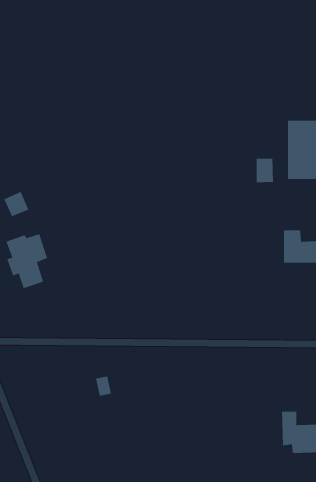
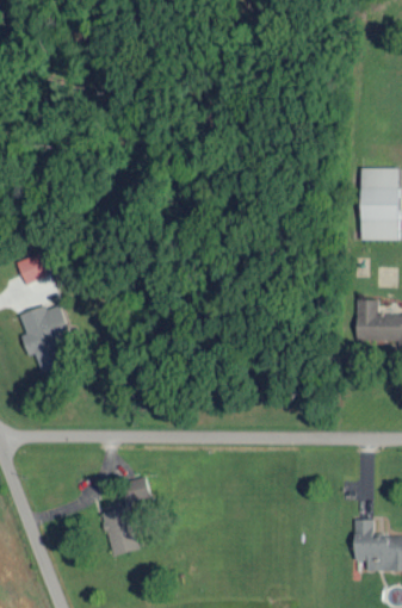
building: [256,158,273,183] -> none
building: none -> [101,505,140,556]

